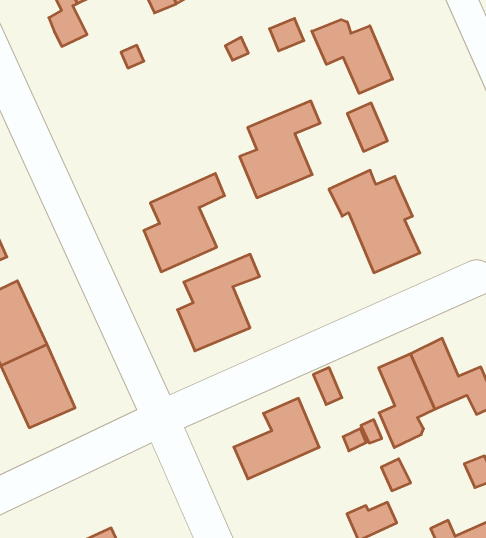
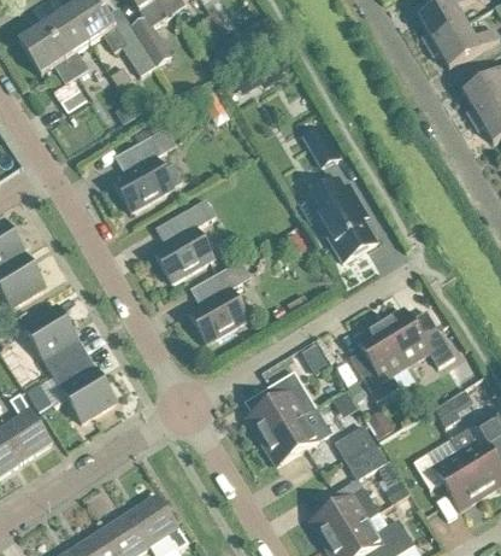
building: [312,20,393,93] -> none
building: [240,101,320,198] -> [113,128,175,211]
building: none -> [261,415,330,464]
building: none -> [334,425,376,458]

